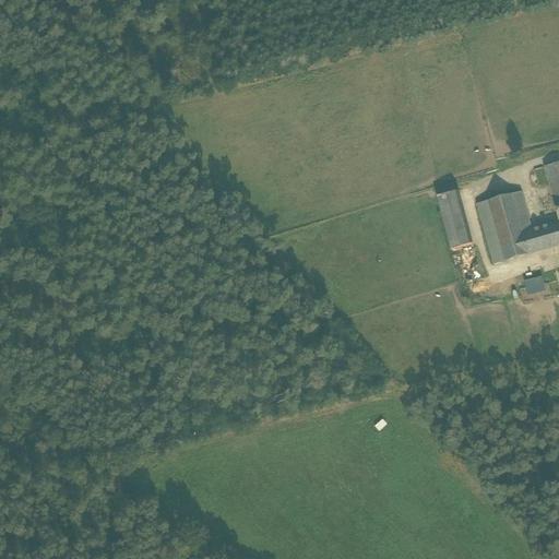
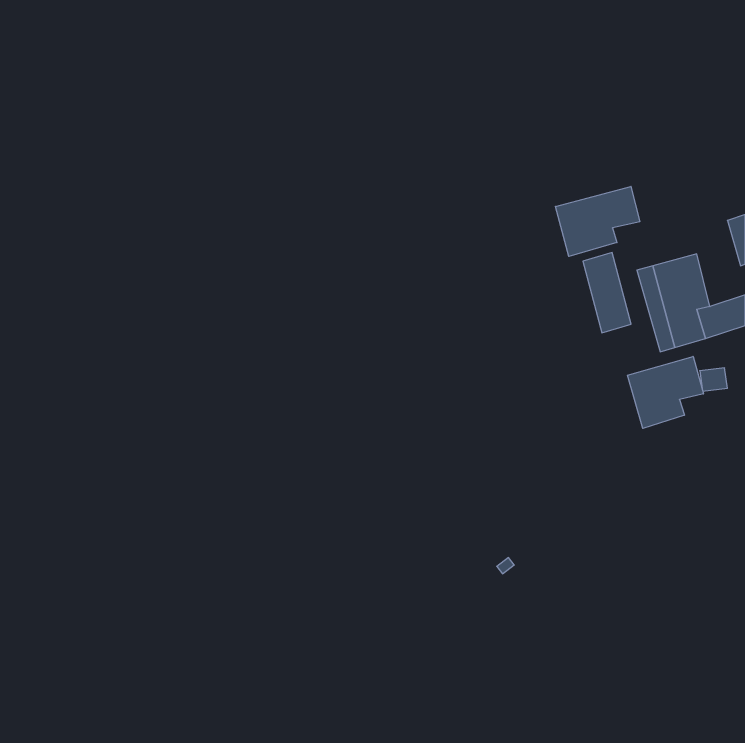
building: none -> [555,186,640,256]
building: none -> [627,356,703,428]

